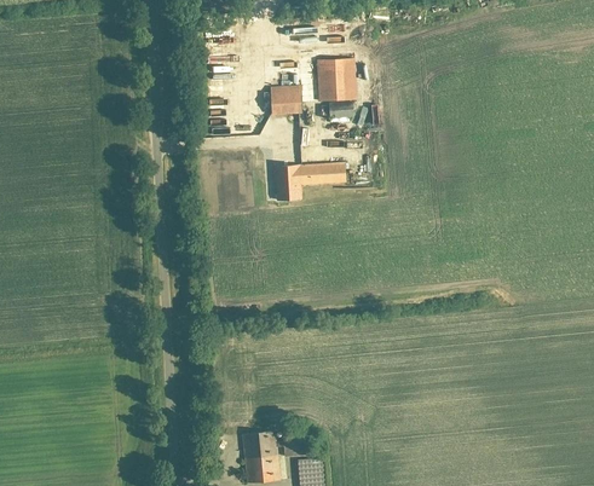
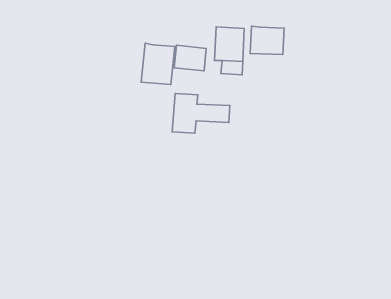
building: none -> [250,26,284,54]
building: none -> [141,43,175,85]

